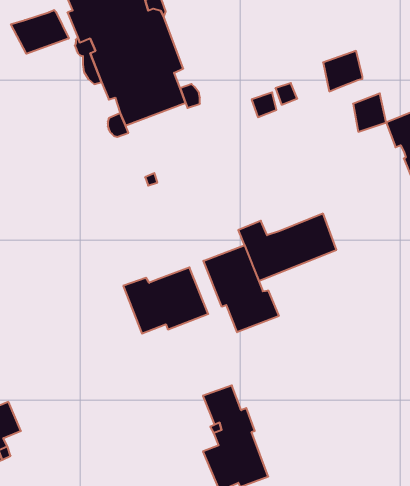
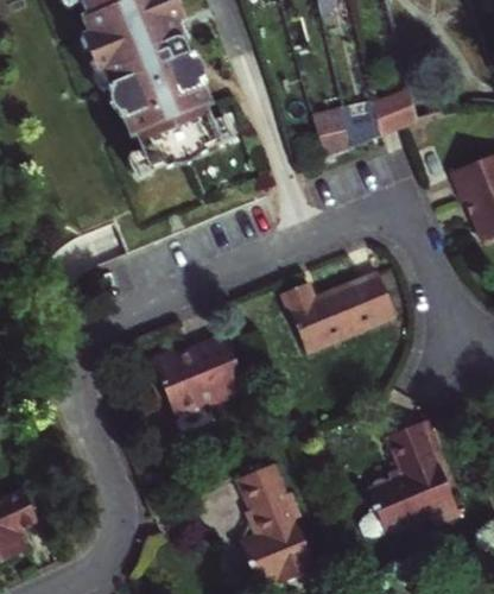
building: [11,10,69,54] -> none
building: [353,93,386,132] -> [347,97,385,141]
building: [203,245,279,332] -> none
building: none -> [360,428,462,544]

